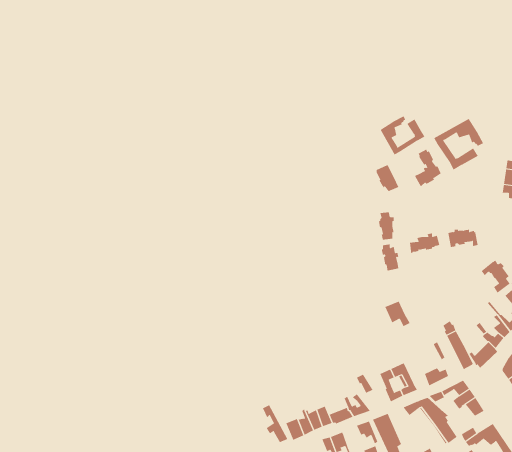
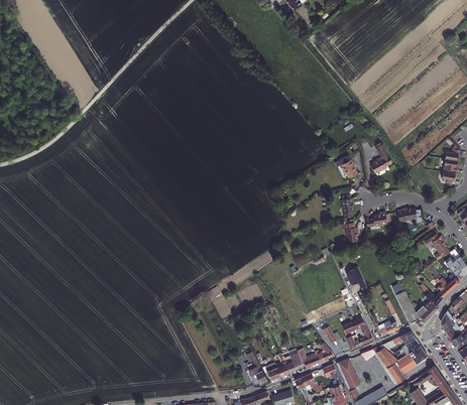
building: [380,115,425,155] -> none
building: [433,118,484,170] -> none

